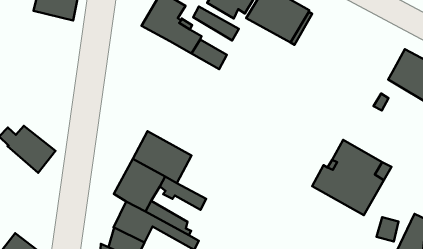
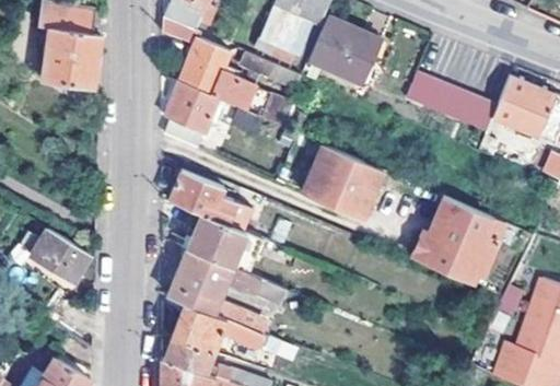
building: none -> [164,84,215,147]
building: none -> [407,73,494,130]
building: none -> [306,147,385,219]
building: none -> [166,171,231,222]

